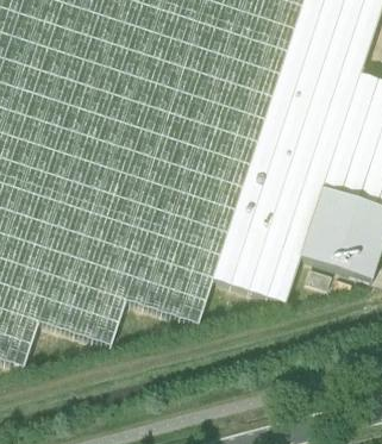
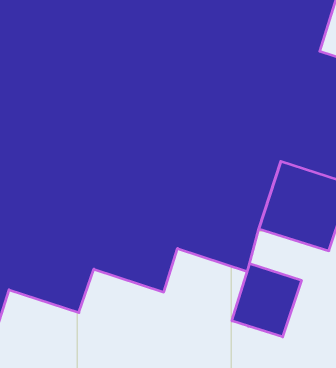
building: none -> [232,264,301,337]

